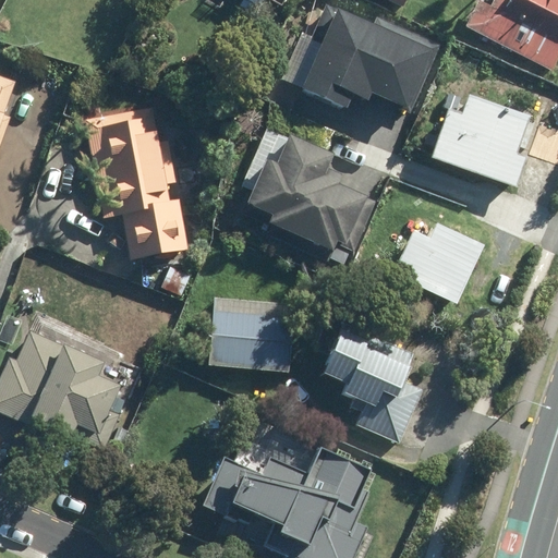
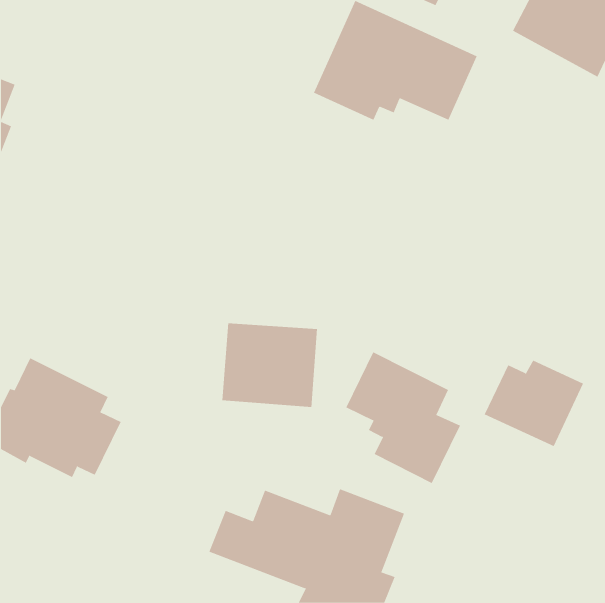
building: [430,93,541,187] -> none
building: [85,105,191,255] -> none
building: [242,125,377,251] -> none
building: [392,221,484,301] -> [484,360,584,447]

